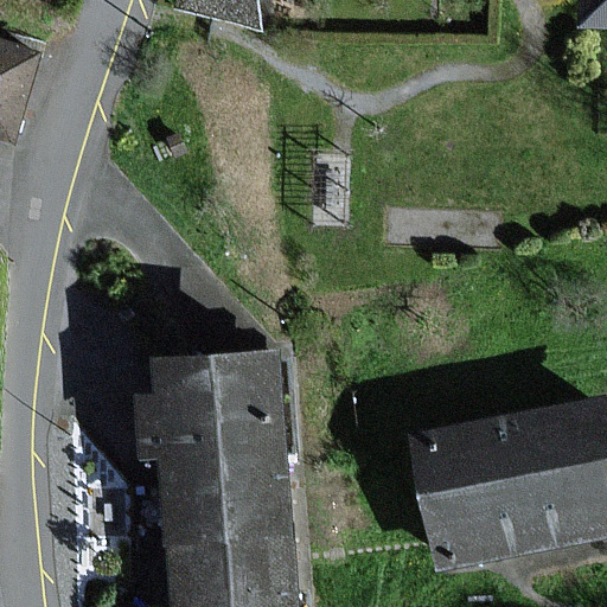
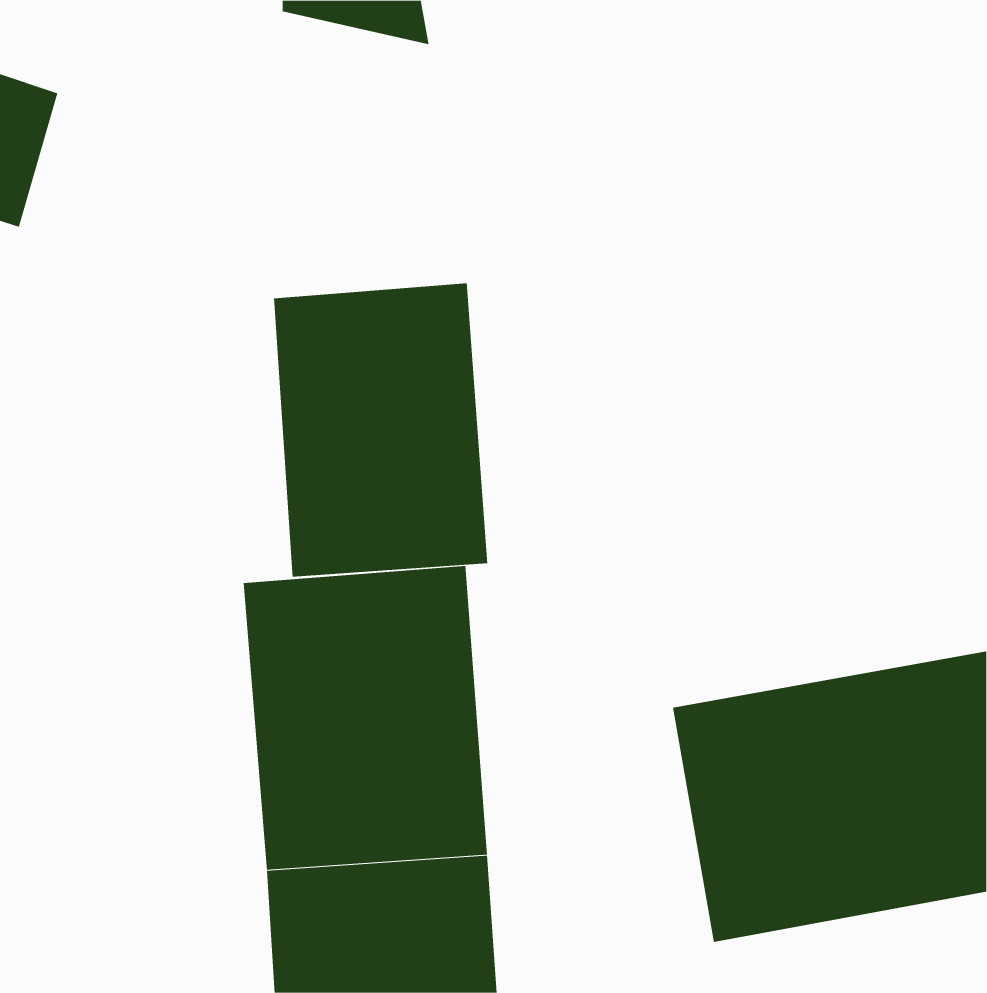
building: none -> [273,283,488,577]

